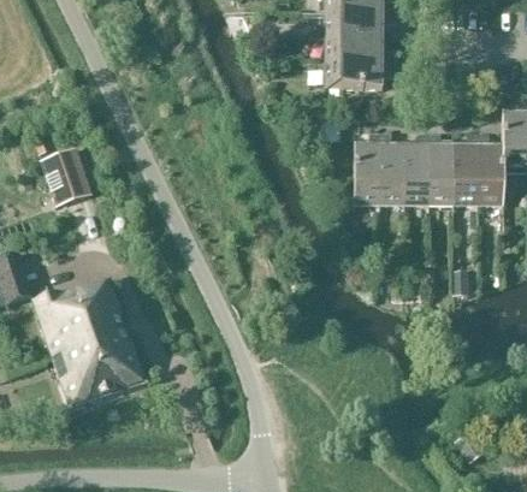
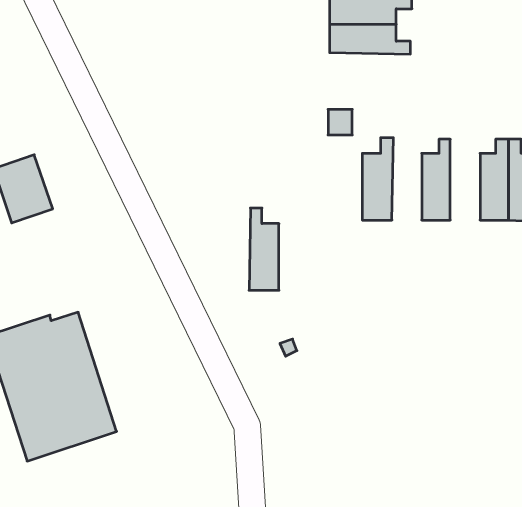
building: [326,61,395,88] -> none
building: [379,134,404,203] -> [249,208,279,290]
building: [428,135,454,203] -> none

